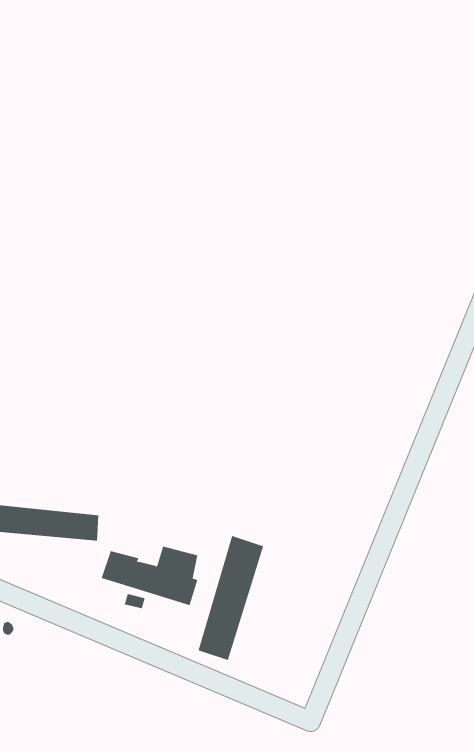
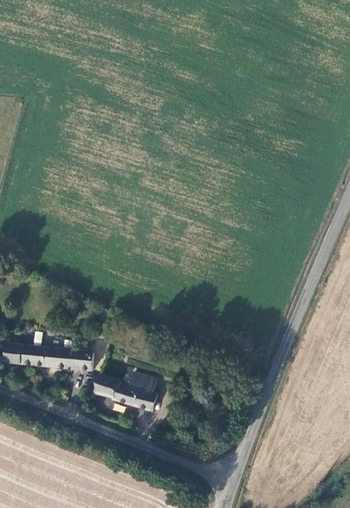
building: [198,535,264,661] -> none

